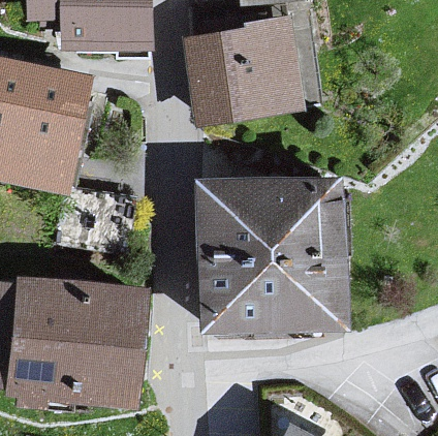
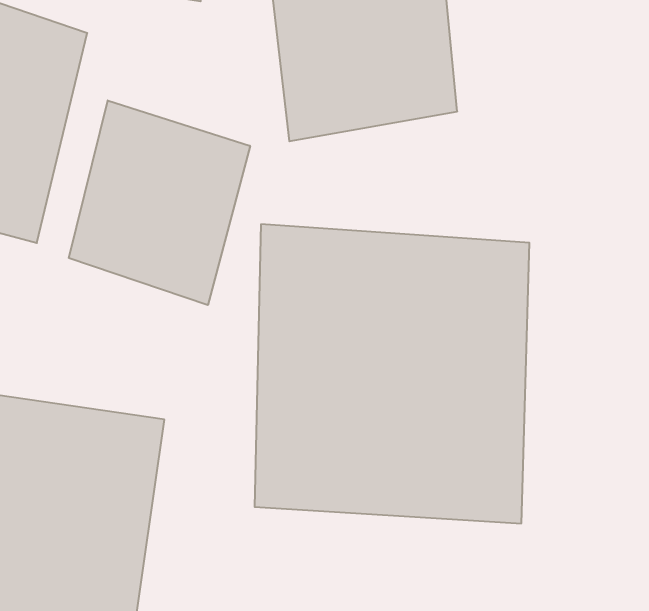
building: none -> [69,100,250,305]

